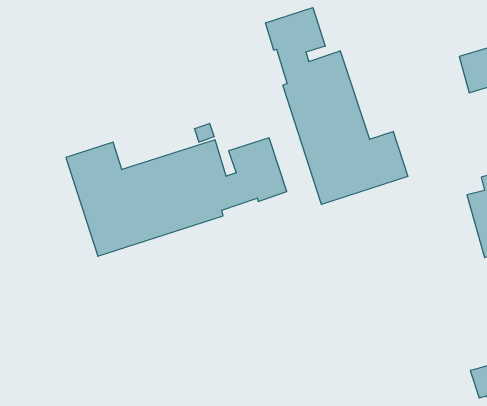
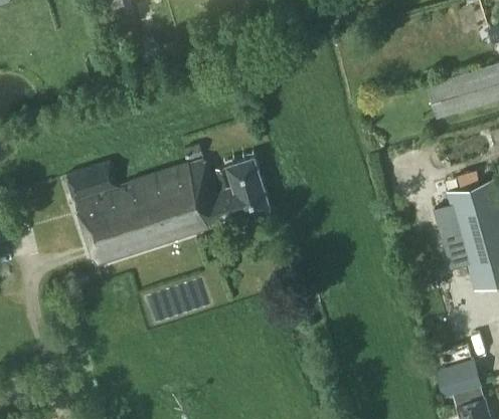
building: [266,8,408,205] -> none

